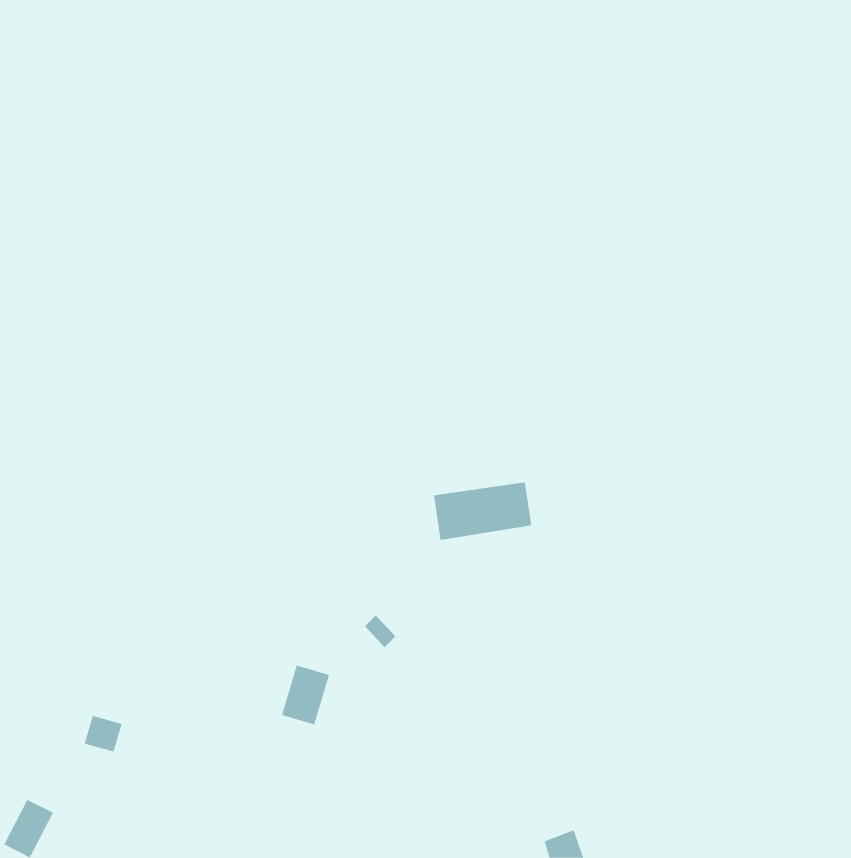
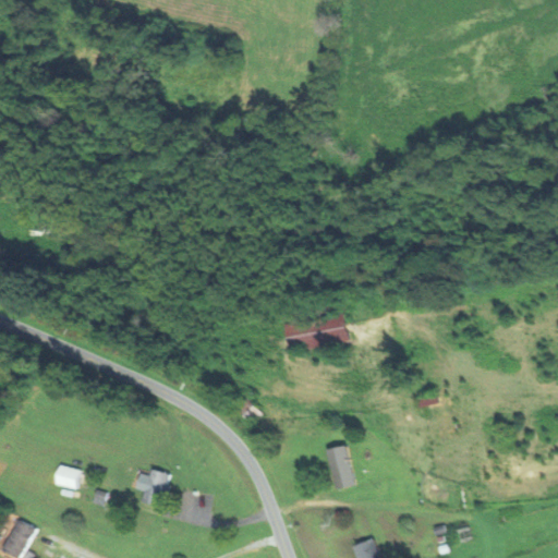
building: [281,665,330,725] -> [141,468,172,507]
building: none -> [327,445,353,487]

